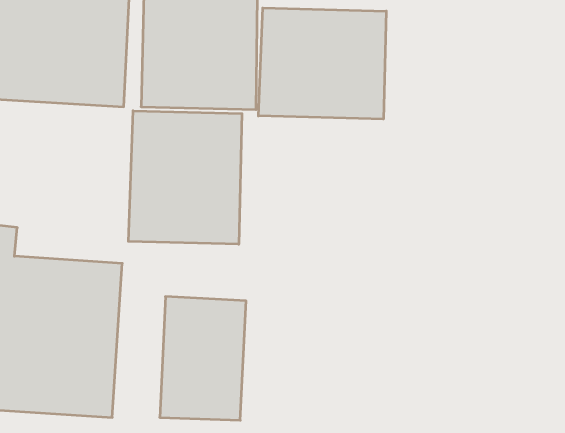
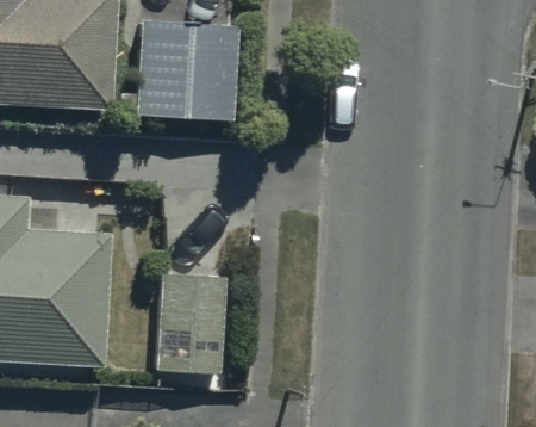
building: [258,8,386,119] -> none
building: [128,111,242,244] -> none

